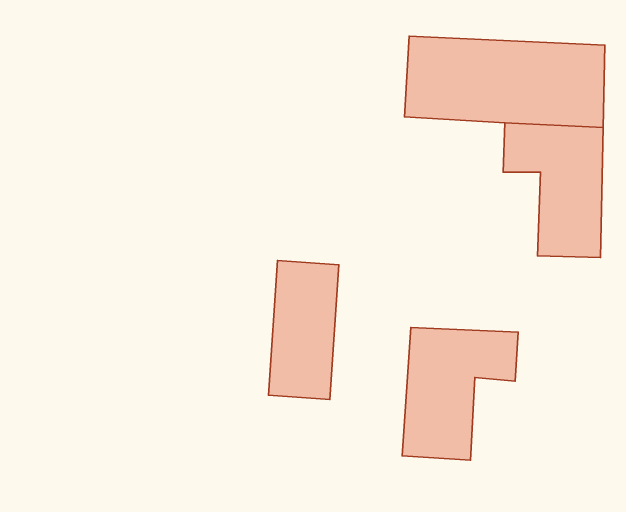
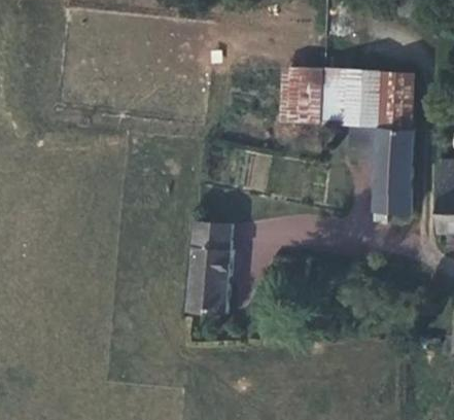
building: [402,327,518,460] -> none

